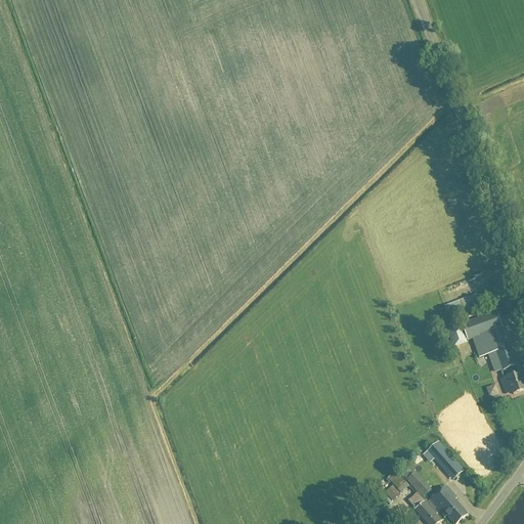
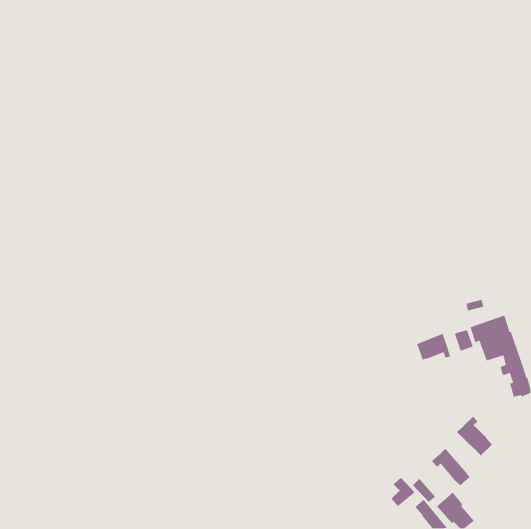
building: none -> [416,333,451,361]
building: none -> [456,416,493,456]

